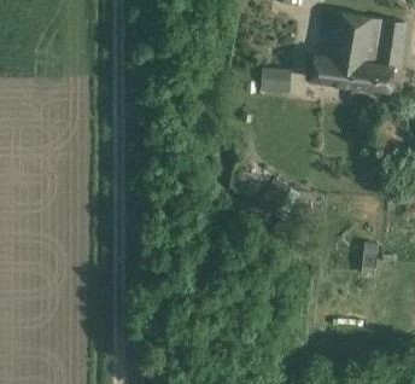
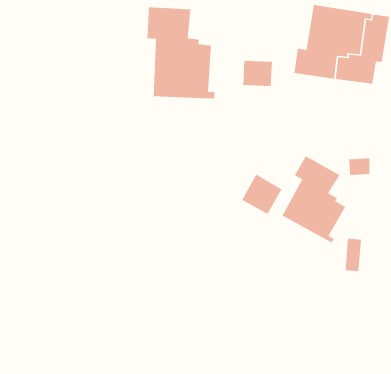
building: none -> [146,6,215,99]
building: none -> [281,155,346,243]

